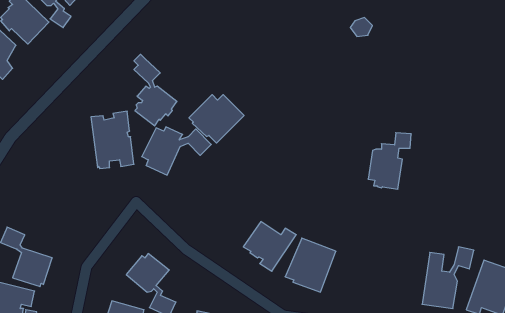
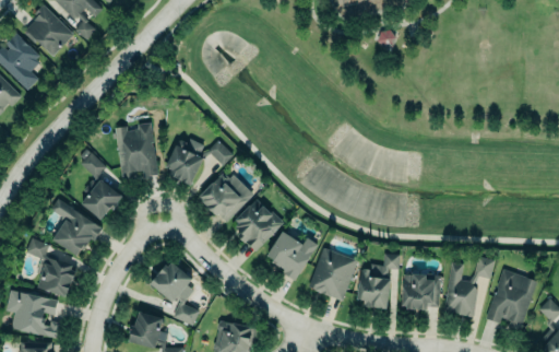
building: [134,54,177,126] -> [80,149,122,220]
building: [189,95,244,143] -> [199,174,253,222]
building: [368,133,411,189] -> [357,254,400,309]
building: none -> [51,199,102,257]
building: none -> [236,199,283,251]
building: none -> [402,274,440,310]

